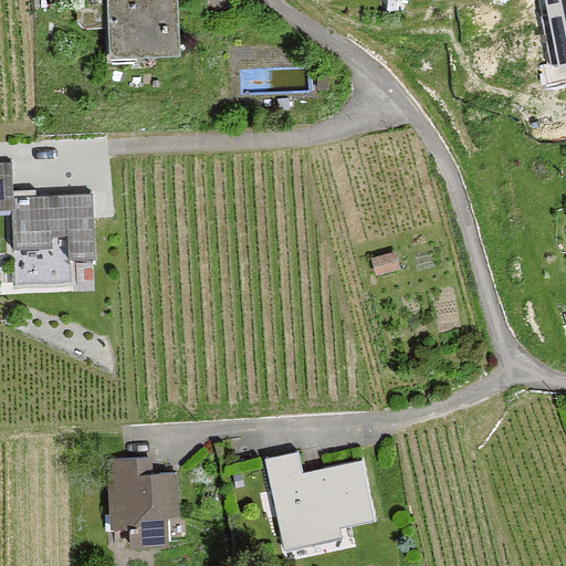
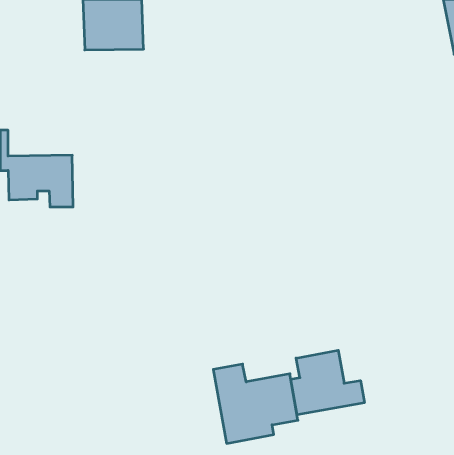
building: none -> [291,350,364,415]
building: [107,457,179,549] -> none

